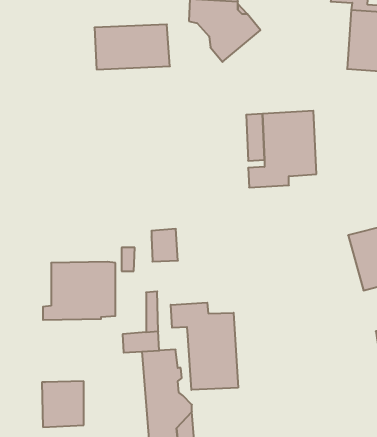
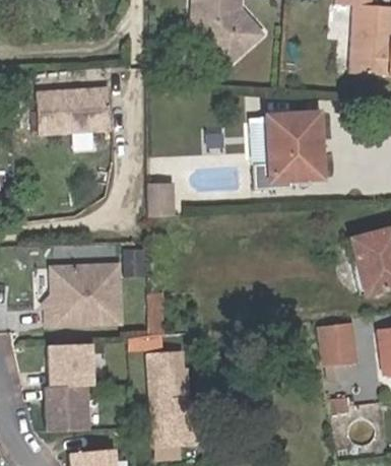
building: [94,24,170,69] -> [41,90,116,135]
building: [151,229,178,262] -> [148,183,175,215]
building: [171,303,238,390] -> none
building: none -> [320,323,354,384]
building: none -> [49,341,93,384]

